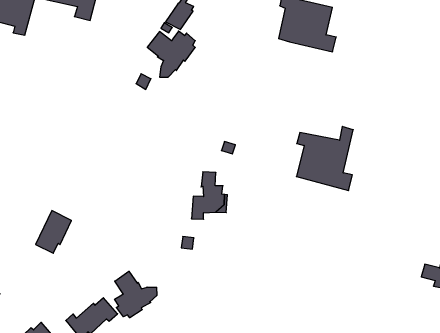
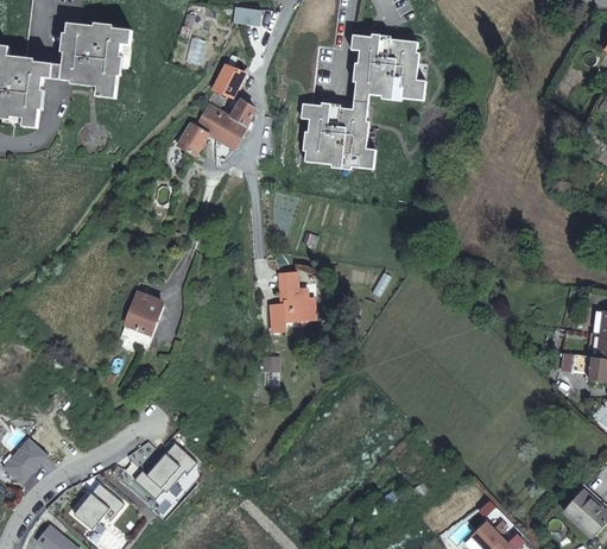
building: none -> [176,120,208,154]
building: [296,126,353,191] -> [302,91,377,171]
building: [36,211,71,253] -> [126,294,167,347]
building: [115,271,157,318] -> none

